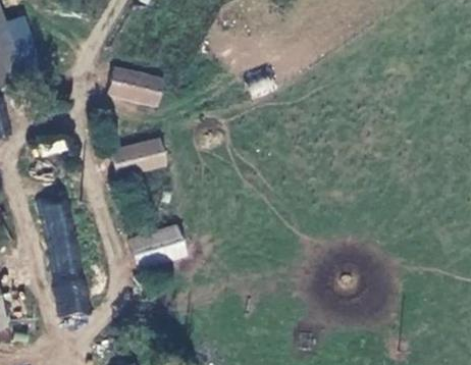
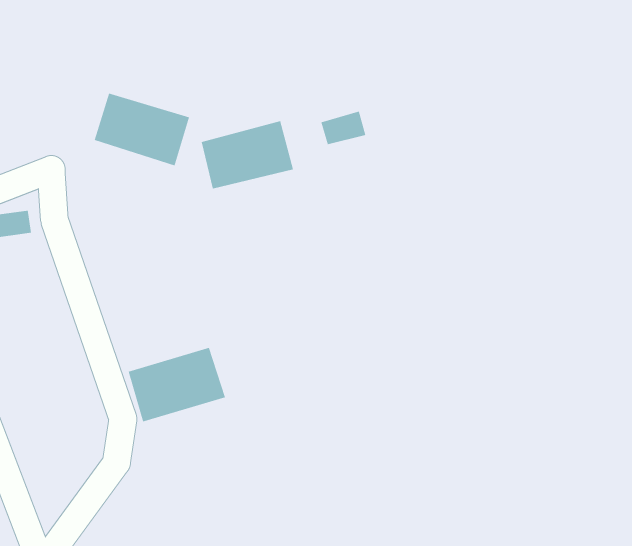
building: [111,137,169,179] -> [201,121,294,189]

